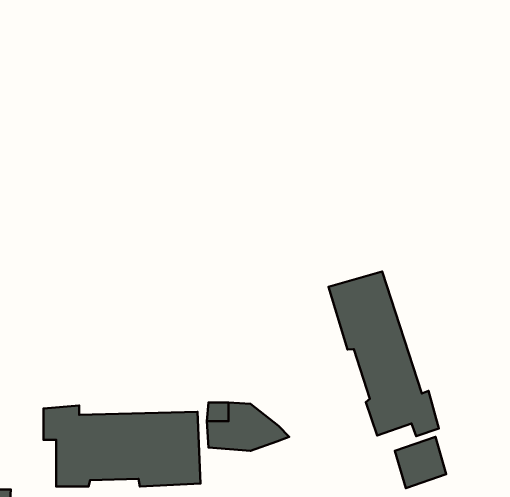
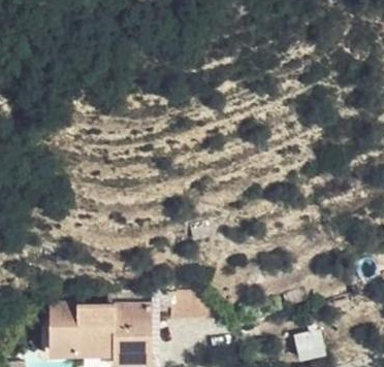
building: [328,272,439,436] -> none

